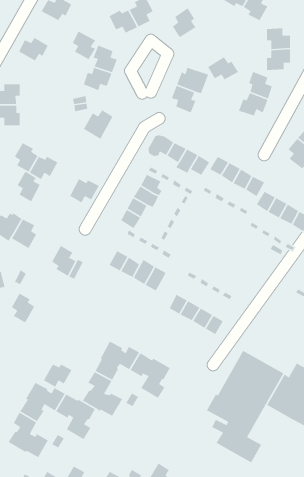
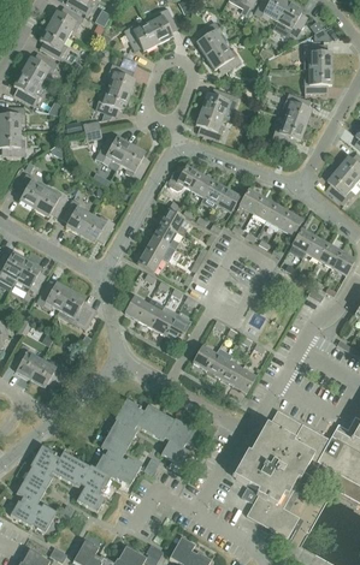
building: [72,31,96,60] -> [40,25,67,59]
building: none -> [13,71,41,106]
building: [207,56,239,81] -> [205,43,241,71]
building: none -> [119,144,148,179]
building: [17,171,41,202] -> [63,198,90,234]
building: none -> [36,281,70,309]
building: [43,363,73,388] -> [30,359,64,387]

